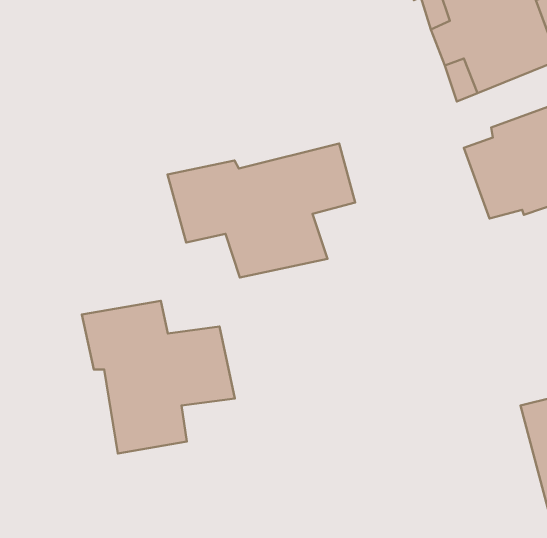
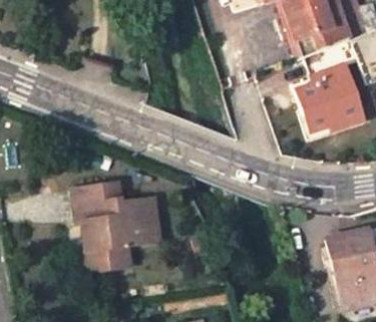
building: [168,143,355,277] -> none

